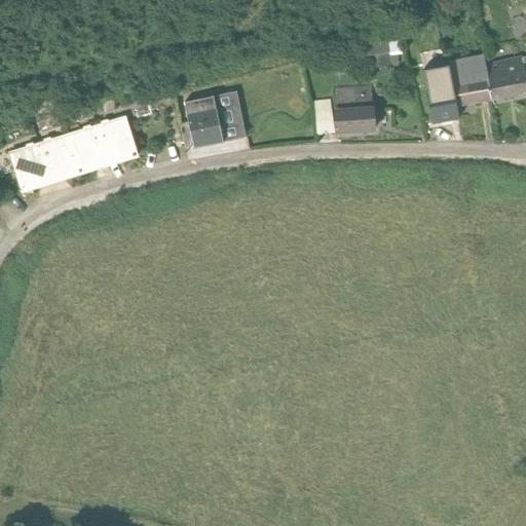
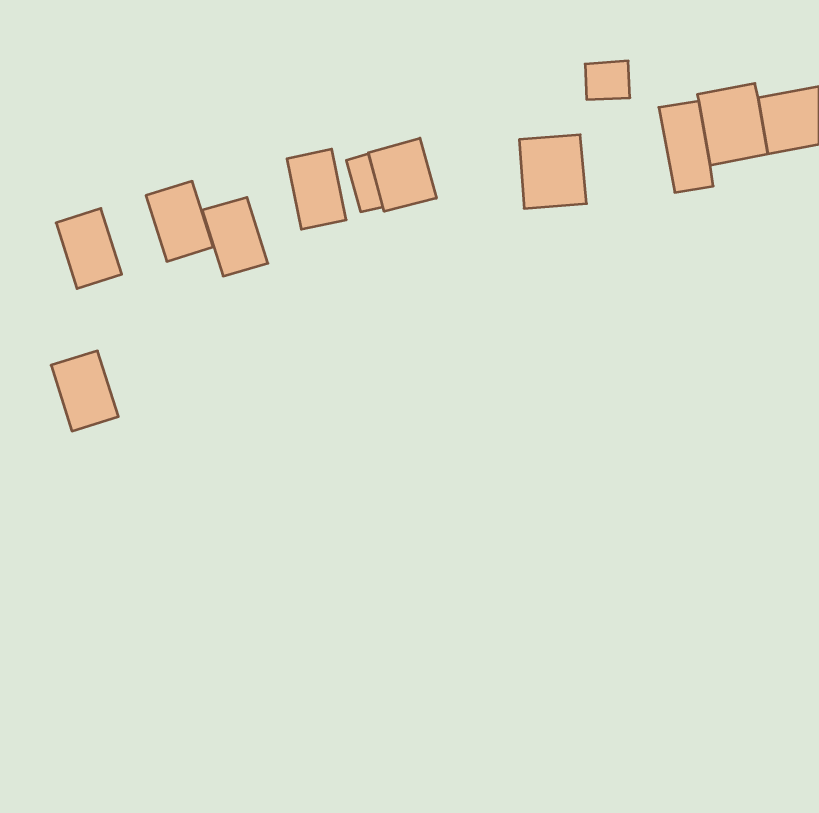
building: none -> [368,138,436,211]
building: [65,125,107,176] -> [202,197,268,276]
building: [6,143,49,194] -> [51,351,118,431]

